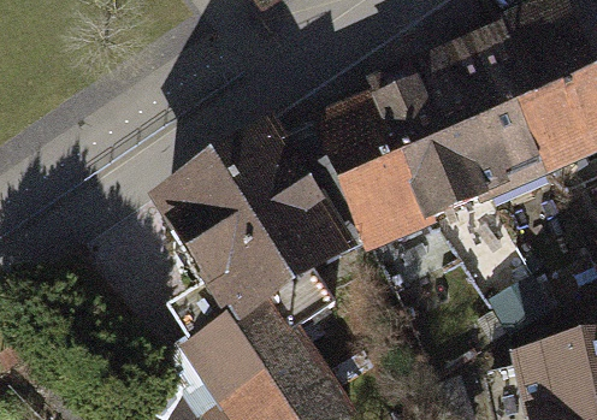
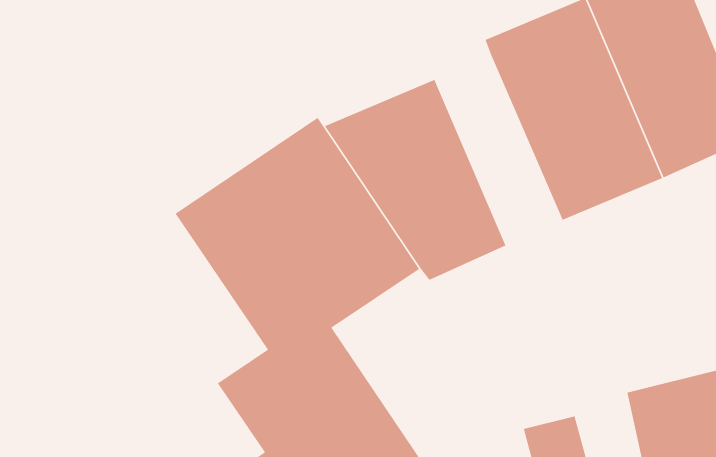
building: [361,82,466,238] -> none

